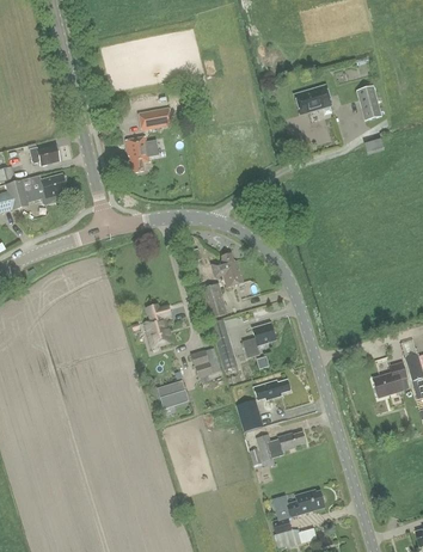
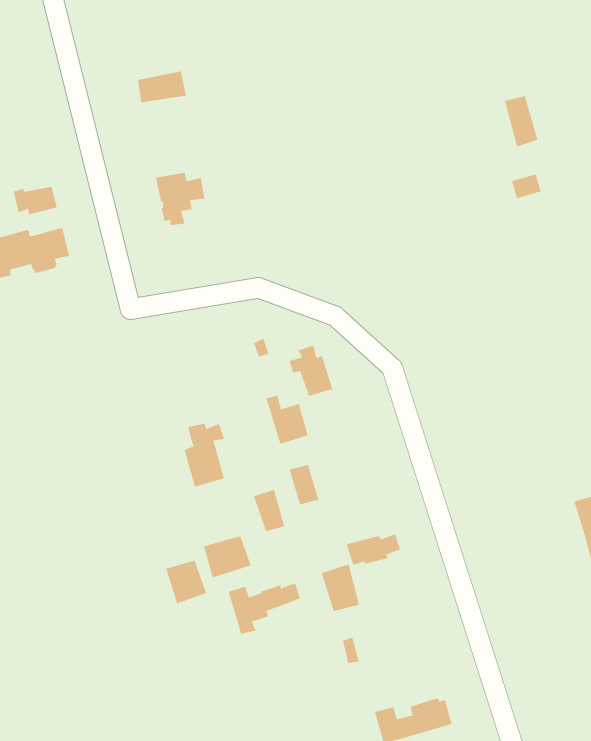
building: [293,84,331,115] -> none
building: [139,108,172,129] -> [137,71,187,103]
building: [243,323,275,357] -> none
building: [372,362,405,397] -> none
building: none -> [166,560,207,604]
building: [256,431,305,466] -> [228,583,301,634]

